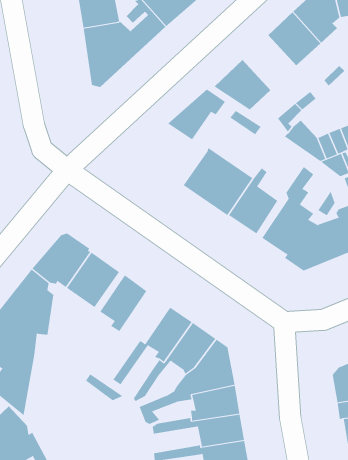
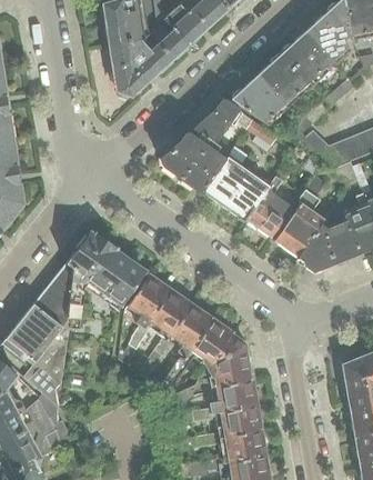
building: none -> [259,51,309,102]
building: none -> [163,133,225,192]
building: none -> [114,290,191,366]

